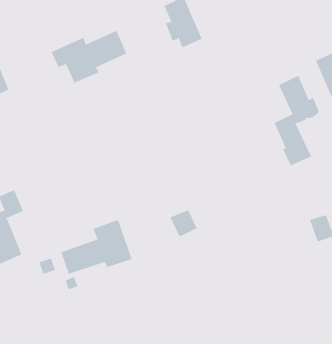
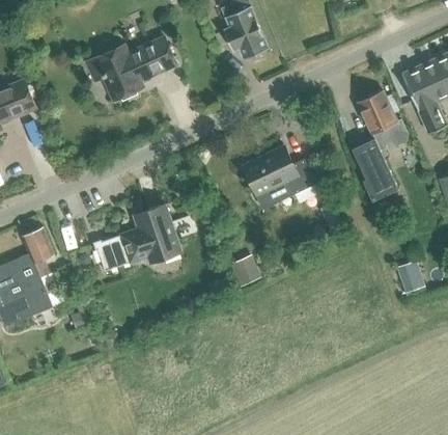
building: none -> [244,145,316,209]
building: [60,219,132,275] -> [95,205,181,271]

